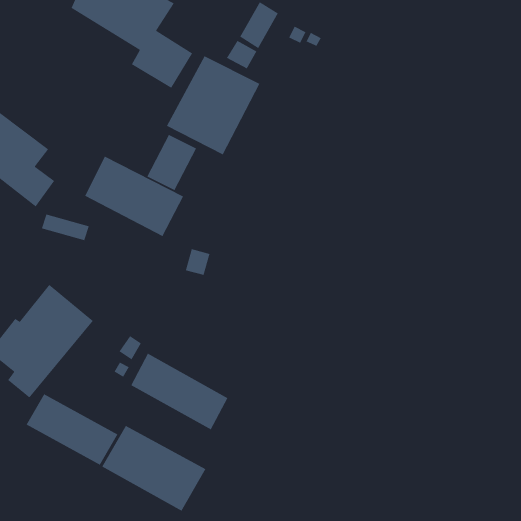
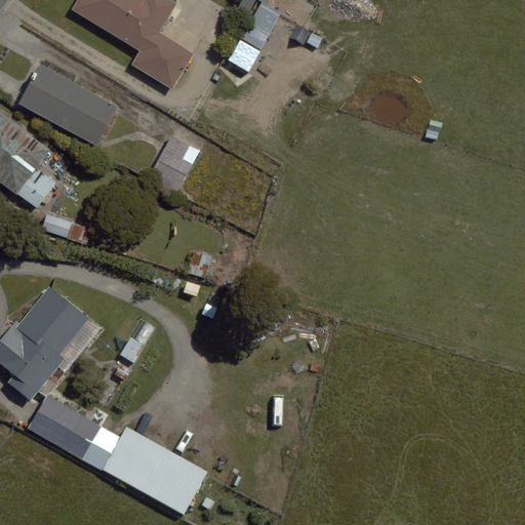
building: [166,55,261,155] -> none
building: [84,155,184,237] -> [17,64,118,146]
building: [130,353,228,431] -> none

